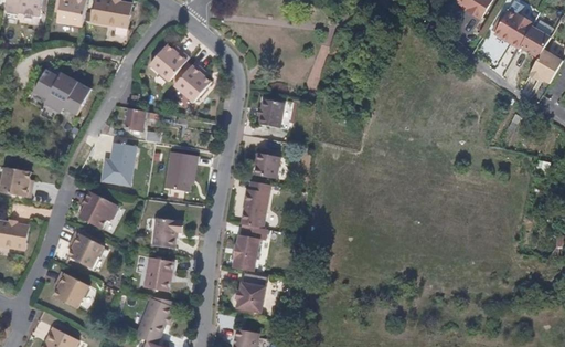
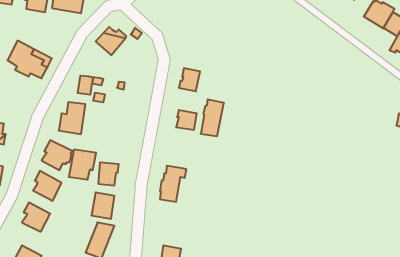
building: [174,62,211,104] -> none
building: [164,151,200,190] -> [69,150,96,180]
building: [241,180,270,228] -> [201,99,224,136]
building: [235,273,265,312] -> none

